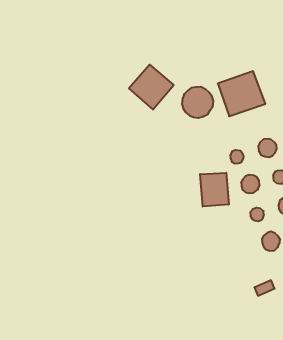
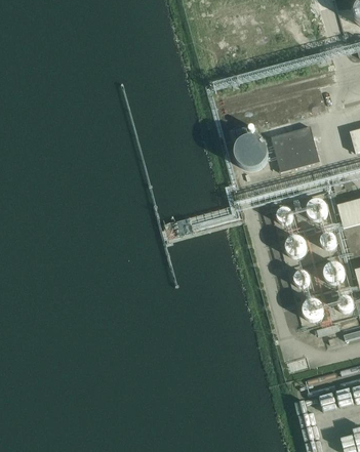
building: [129,65,174,110] -> none
building: [200,173,229,207] -> none

